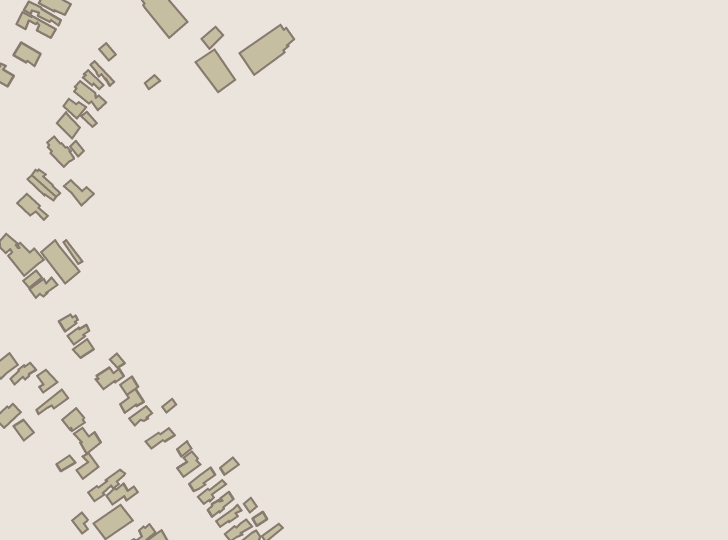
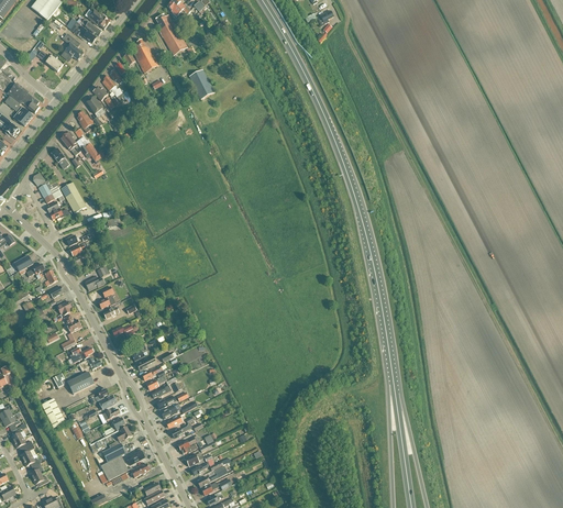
building: none -> [132,38,158,73]
building: [239,25,294,75] -> none

